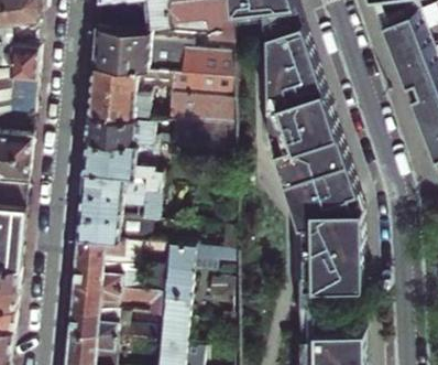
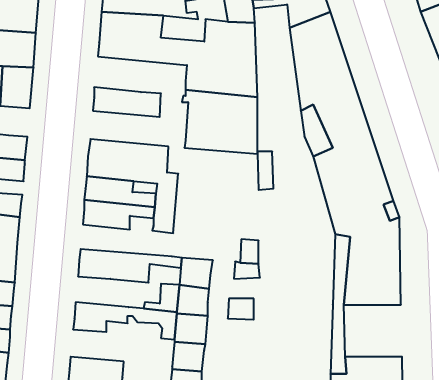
building: [90,66,173,98] -> none
building: [87,115,172,148] -> none
building: [78,216,160,245] -> none
building: [74,262,122,290] -> none
building: [69,310,161,343] -> none

